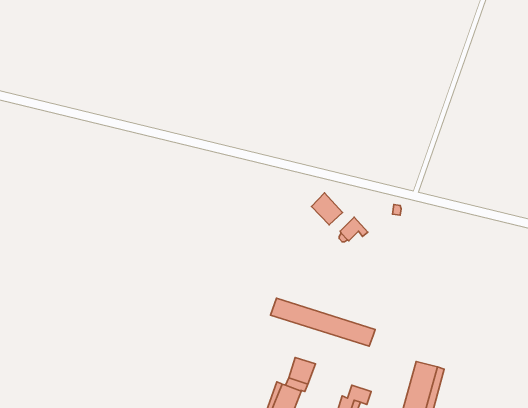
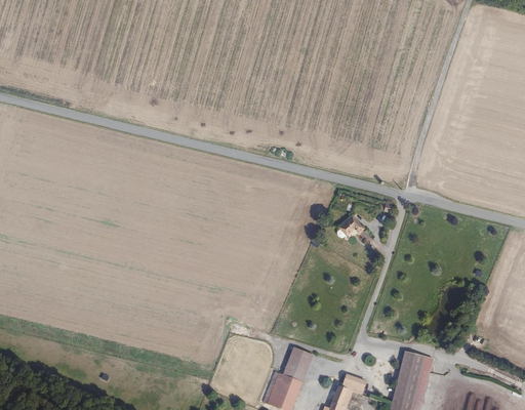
building: [311,193,343,225] -> none
building: [270,298,375,346] -> none

